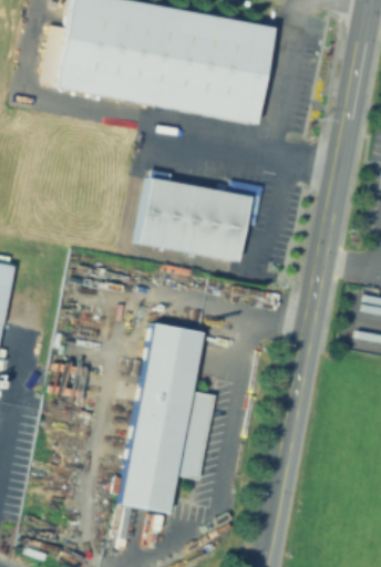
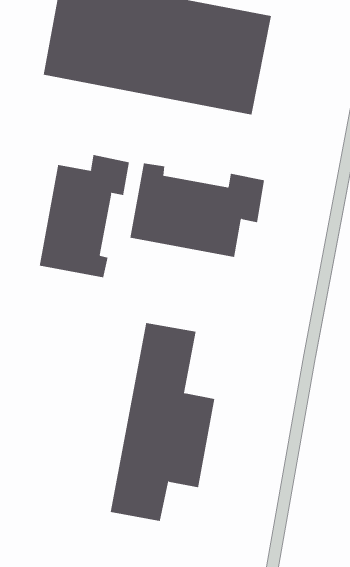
building: none -> [39,154,129,278]

